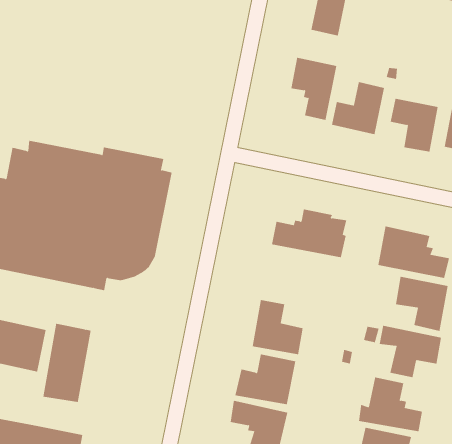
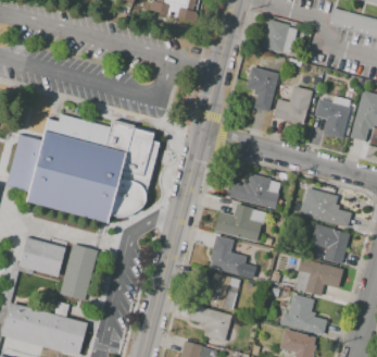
building: none -> [215,204,267,242]

